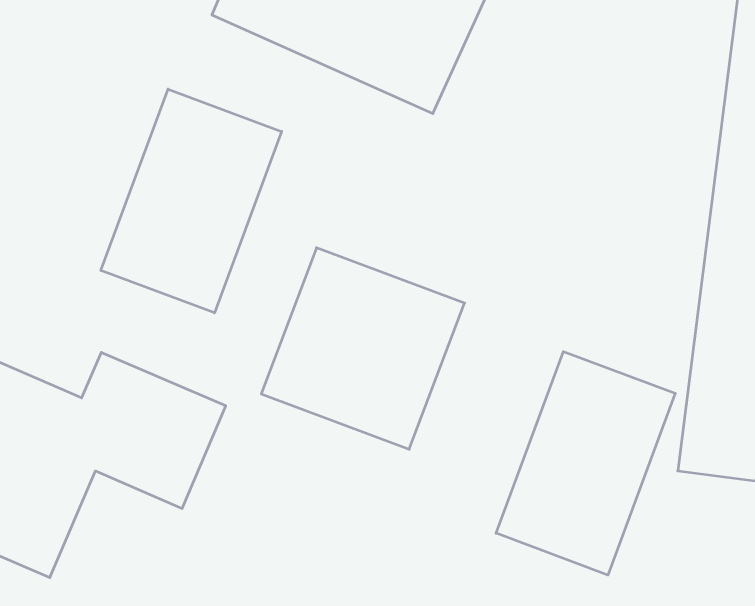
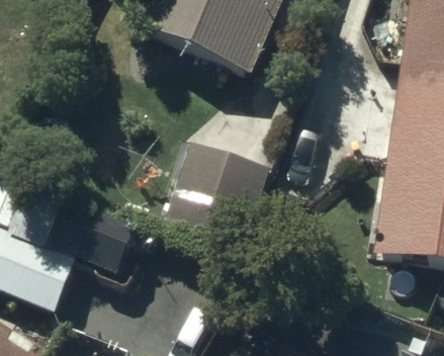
building: [101,89,282,313] -> none
building: [496,352,675,575] -> none

